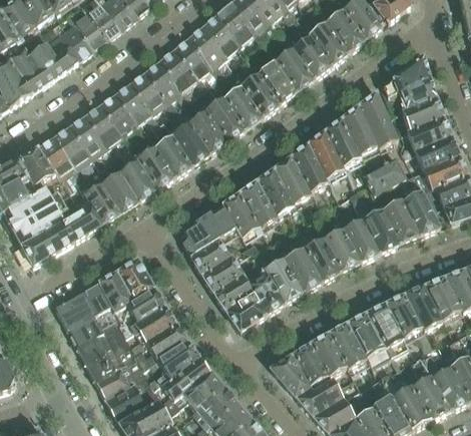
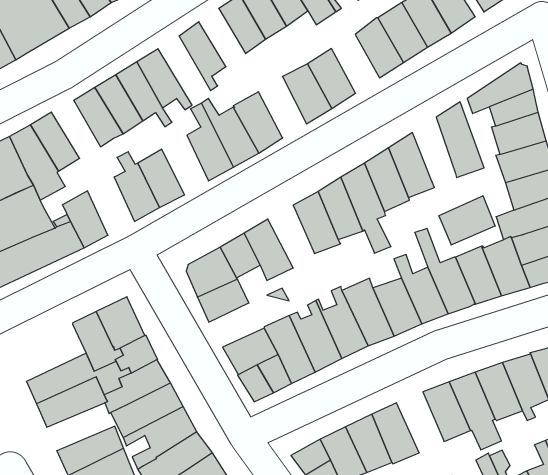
building: [174,36,219,89] -> none
building: [276,47,314,91] -> none
building: [145,59,187,110] -> none
building: [223,83,262,129] -> none
building: [342,104,377,153] -> none
building: [69,114,108,168] -> none
building: [154,123,191,178] -> none
building: [101,169,138,213] -> none
building: [239,179,277,227] -> none
building: [200,255,243,291] -> none
building: [55,283,110,329] -> none
building: [347,312,385,358] -> none
building: [85,340,136,379] -> none

